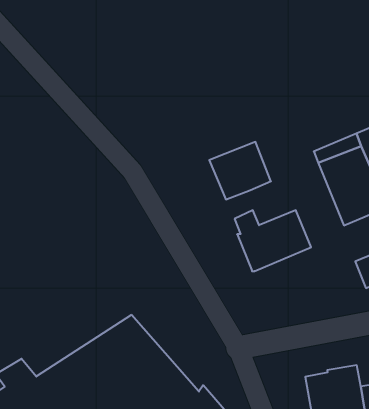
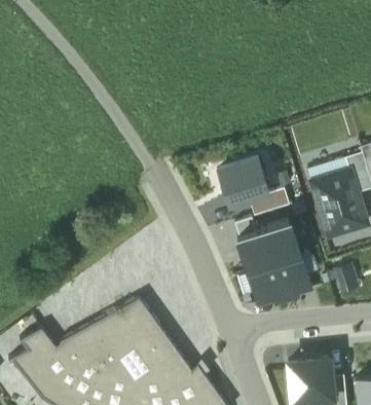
building: none -> [250,190,289,217]
building: none -> [248,254,309,306]

